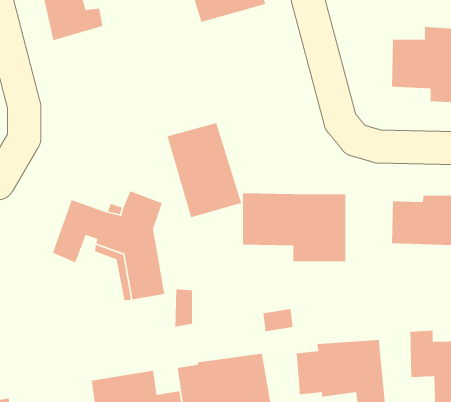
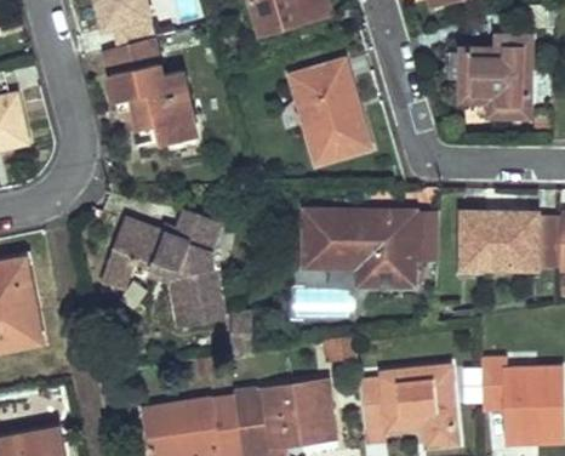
building: none -> [103,36,196,142]
building: [166,122,242,218] -> [290,62,370,164]
building: none -> [413,212,438,262]

